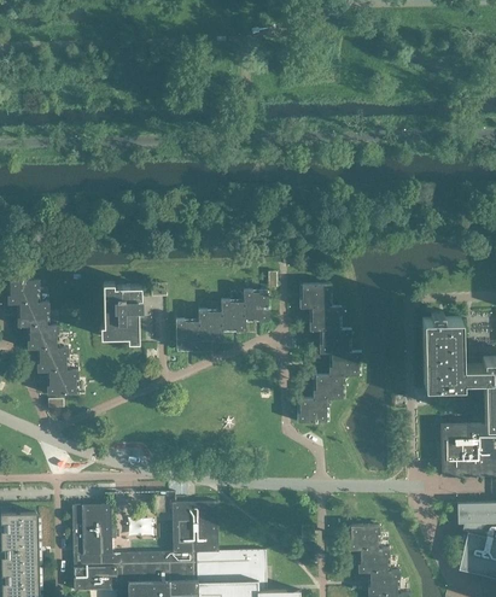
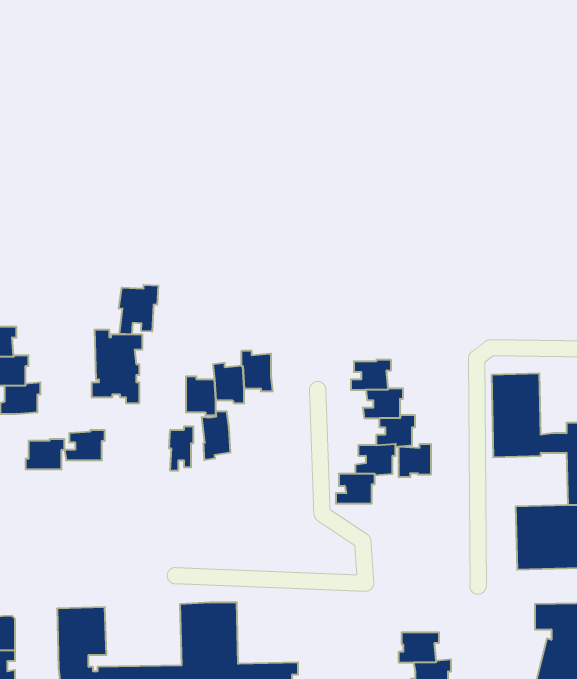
building: none -> [119,285,158,334]
building: [299,283,332,309] -> none
building: [244,289,268,322] -> none
building: [36,347,69,371] -> [65,430,105,460]
building: none -> [202,411,230,460]
building: none -> [169,426,193,471]
building: none -> [399,444,431,477]

